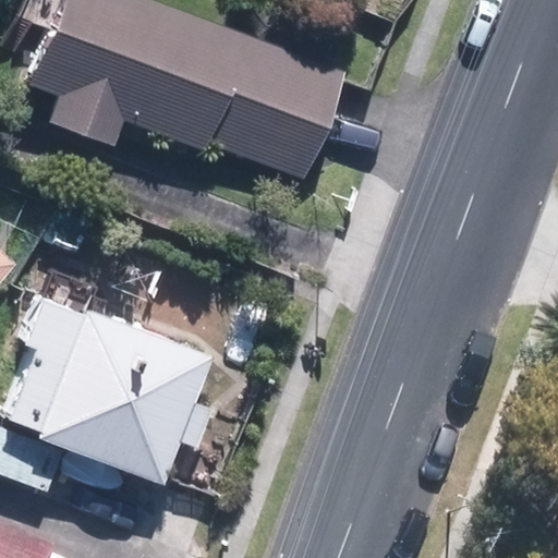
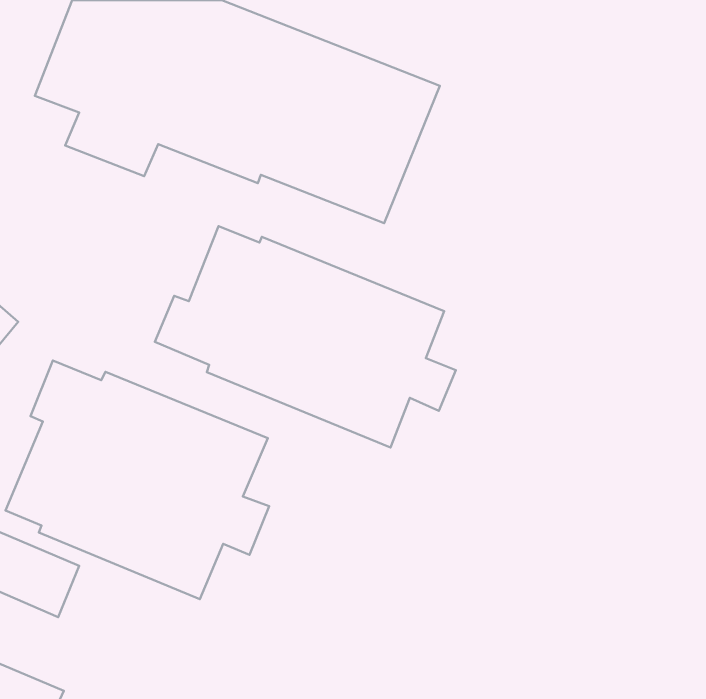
building: none -> [155,226,456,448]

